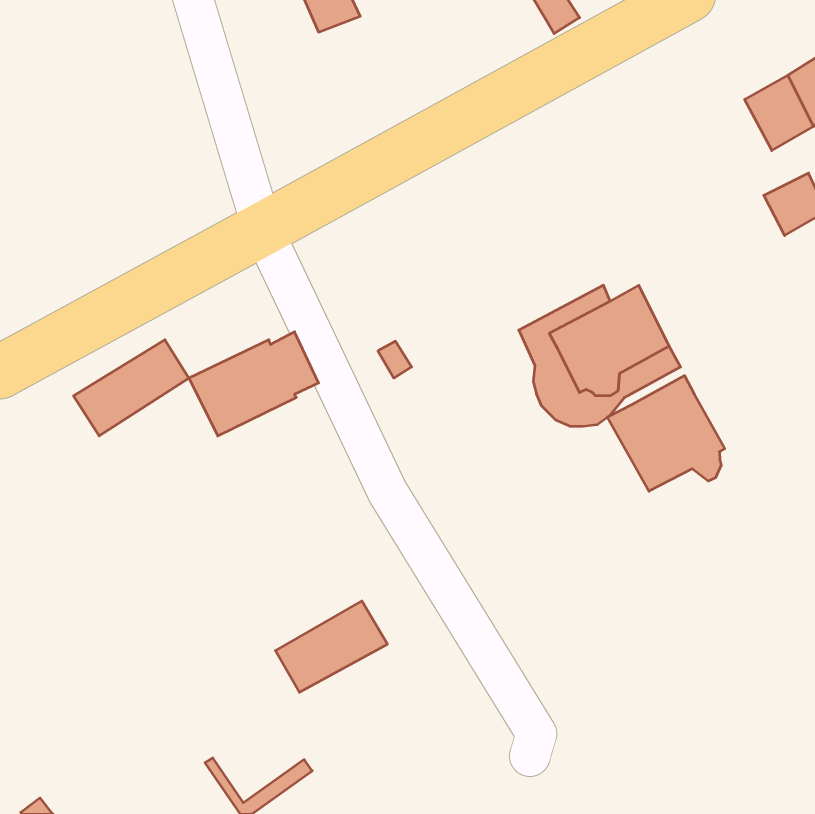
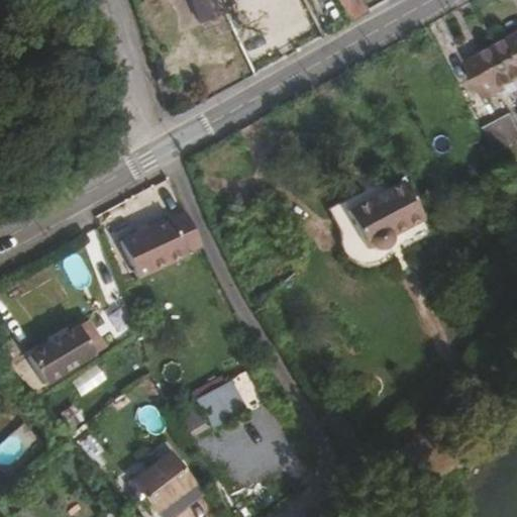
building: [74,340,189,436] -> [28,318,101,379]
building: [607,376,725,491] -> none
building: none -> [136,451,194,506]

